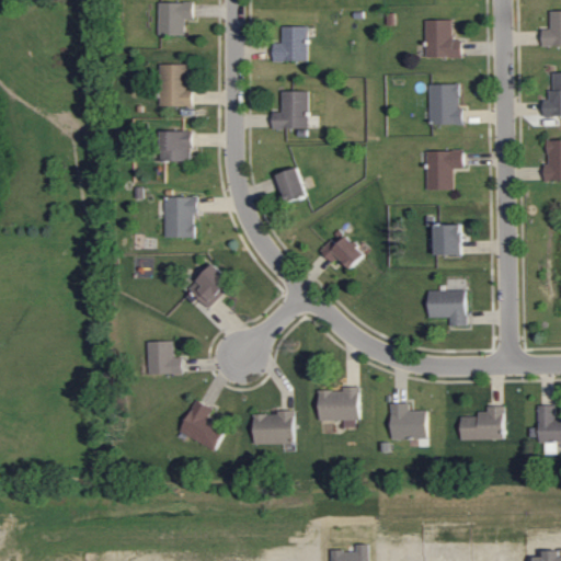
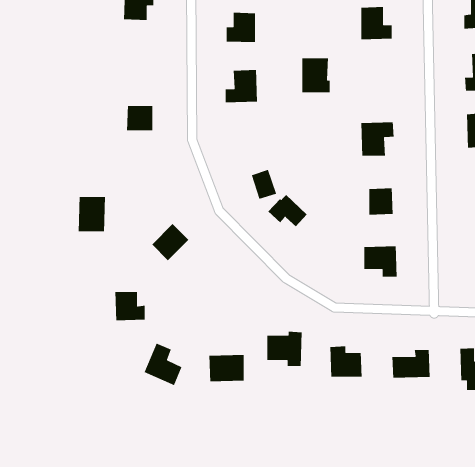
building: [157,65,190,106] -> none
building: [427,84,460,125] -> [302,57,331,93]
building: [276,168,306,203] -> [251,169,277,200]
building: [162,197,194,238] -> [78,196,106,232]

